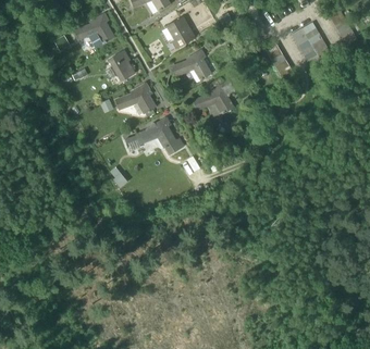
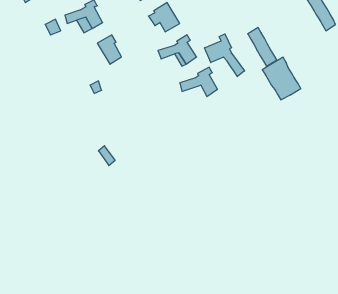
building: [291,22,331,66] -> [262,57,301,100]
building: none -> [205,34,245,77]
building: [114,83,155,113] -> none
building: [135,117,183,153] -> none

